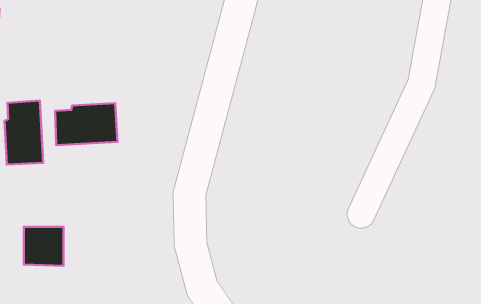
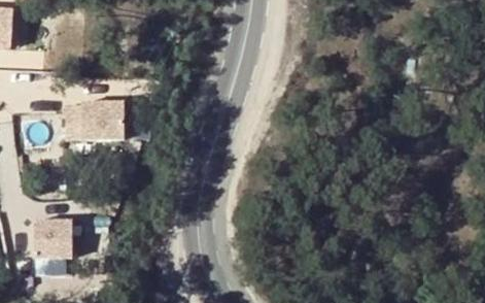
building: [4,100,43,165] -> none

